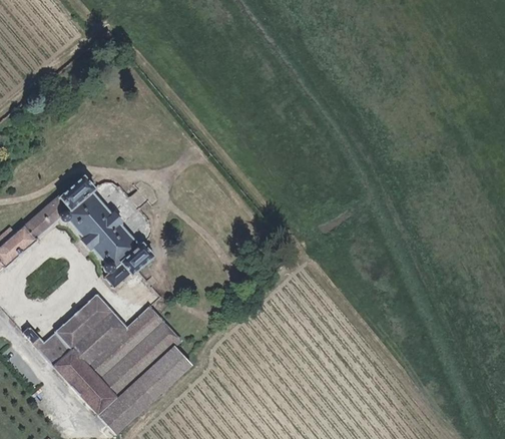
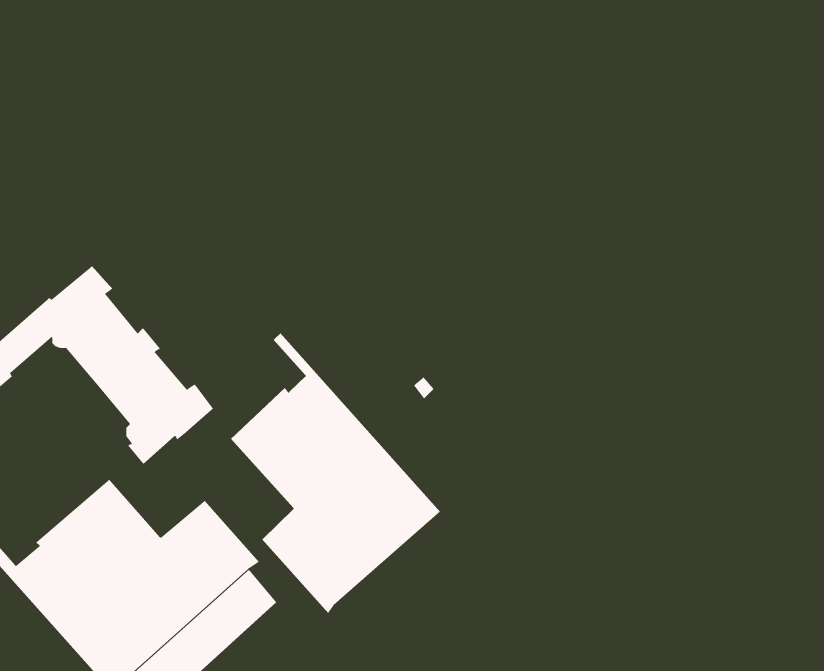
building: none -> [230,332,441,614]

